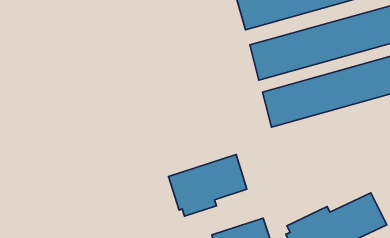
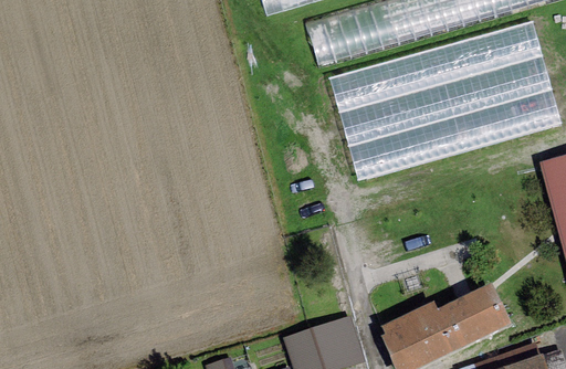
building: [168,154,247,216] -> none

